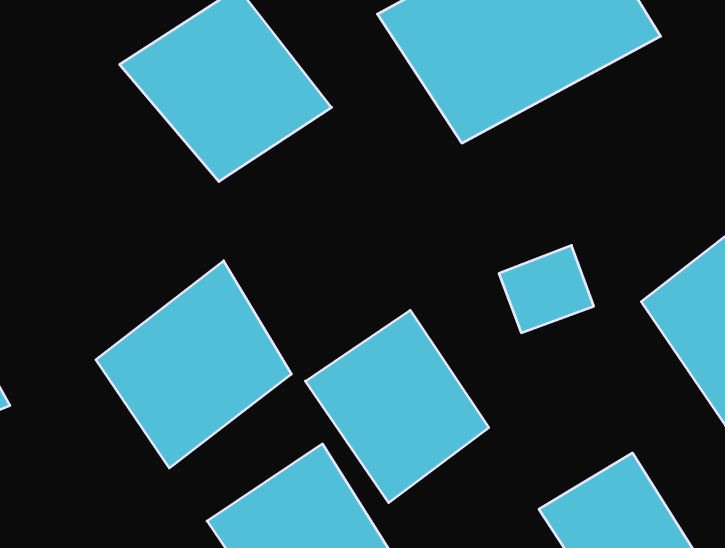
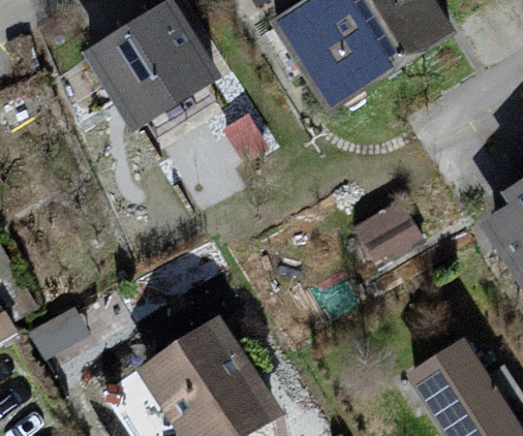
building: [96,261,291,468] -> none
building: [305,310,489,503] -> none

